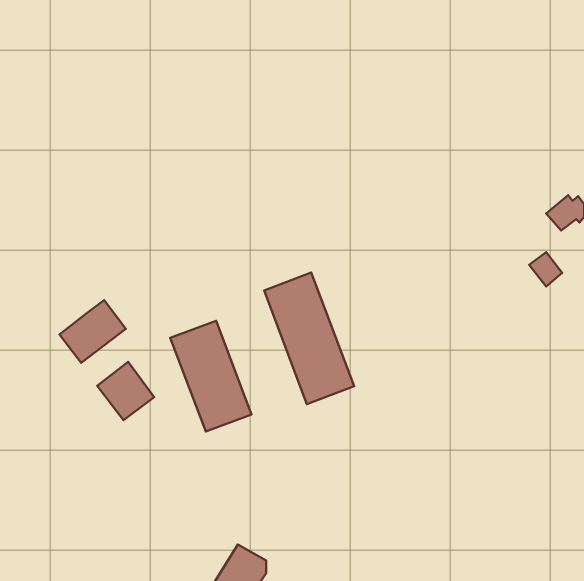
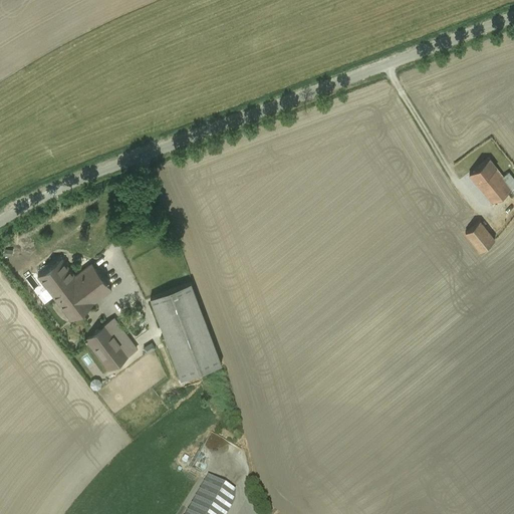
building: none -> [469,161,499,190]
building: [264,273,354,404] -> none
building: none -> [39,261,75,296]

